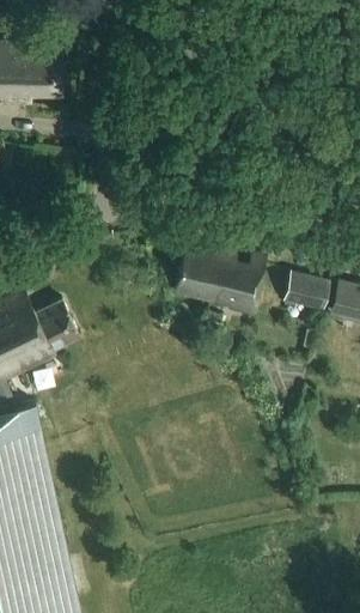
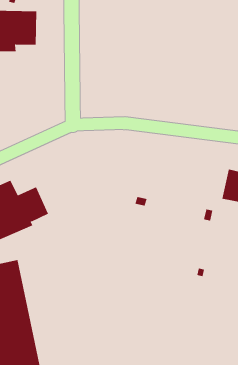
building: [175,243,269,314] -> none
building: [281,272,328,311] -> none

